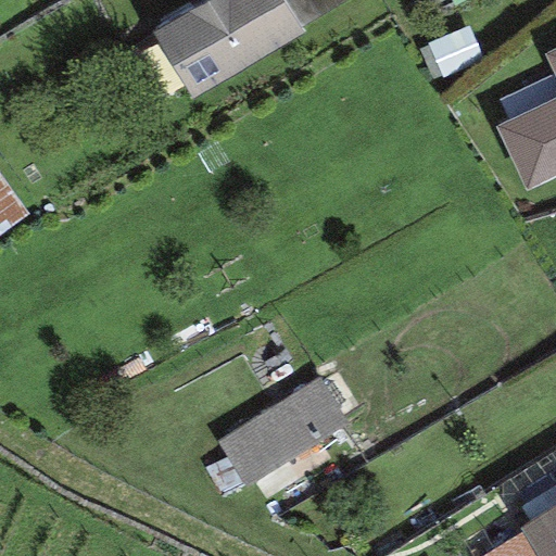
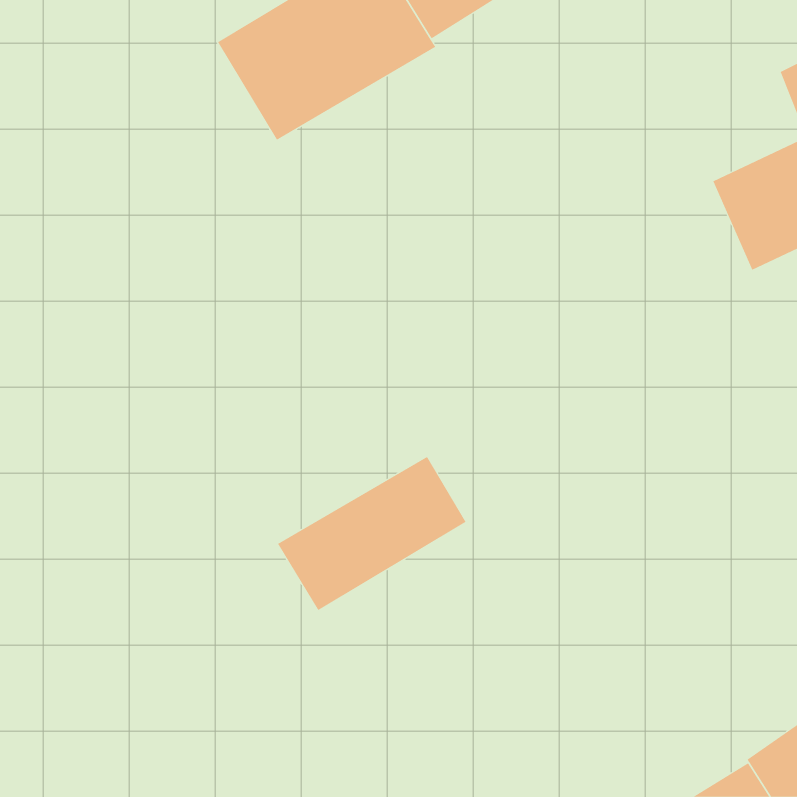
building: [216,378,348,485] -> [277,456,466,611]

